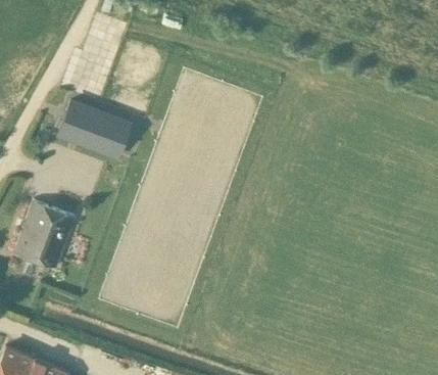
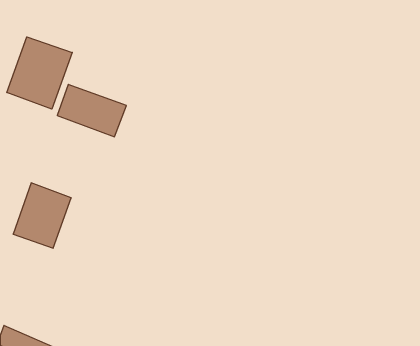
building: none -> [7,37,72,109]

